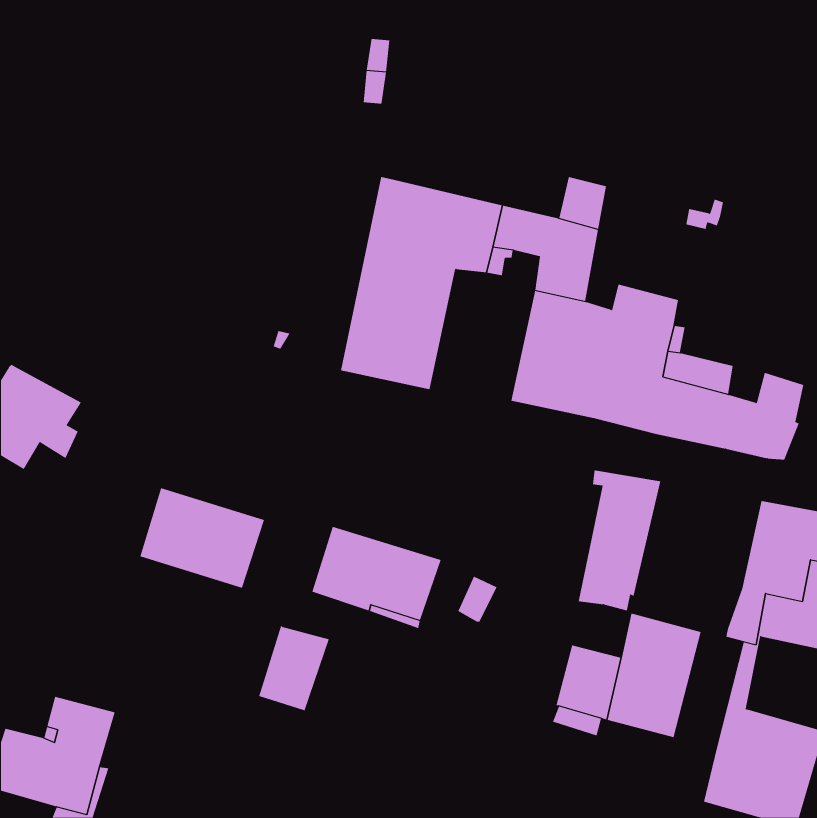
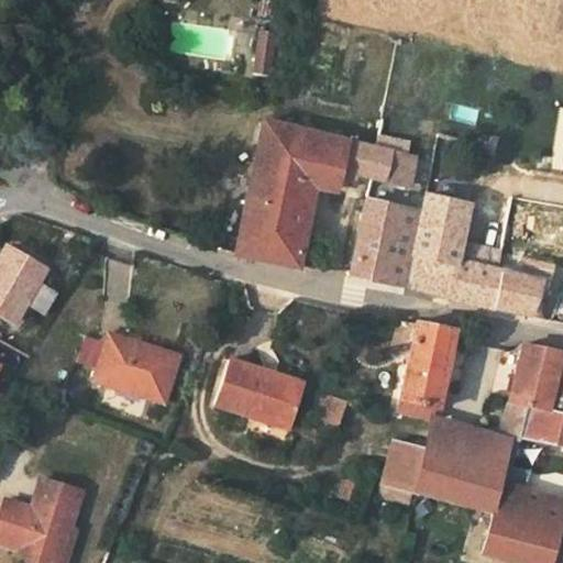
building: none -> [464,427,511,514]
building: [258,625,329,711] -> none

